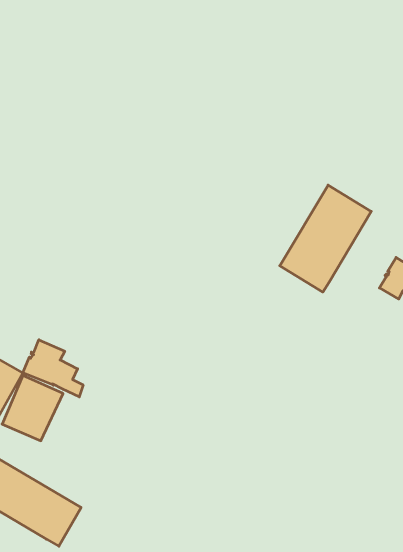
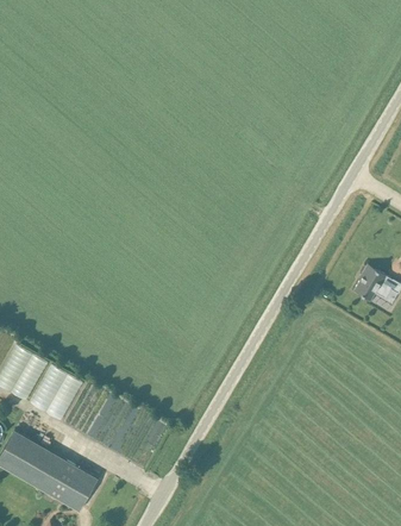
building: [280,185,371,292] -> none
building: [23,340,83,397] -> none

